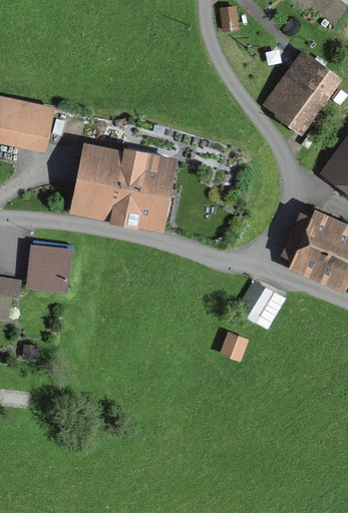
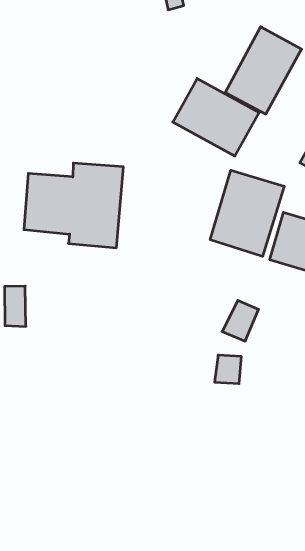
building: none -> [173,78,259,156]
building: none -> [210,170,284,256]

